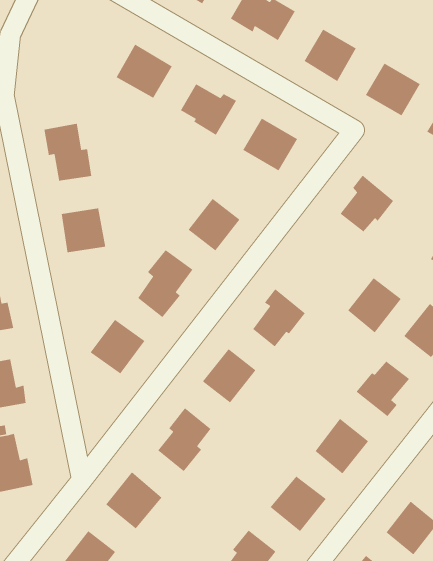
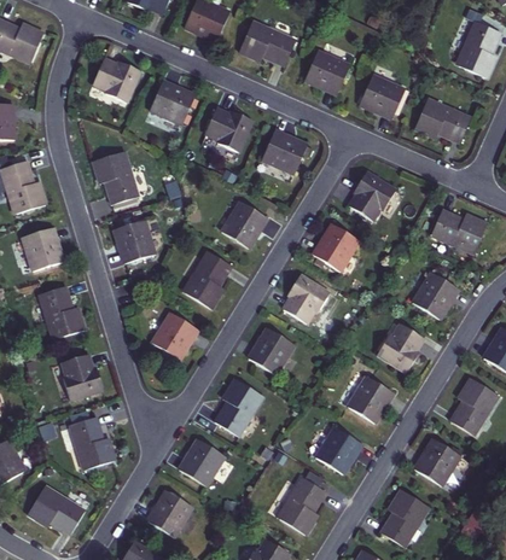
building: none -> [92,60,139,104]
building: [347,277,402,334] -> [313,223,357,270]

